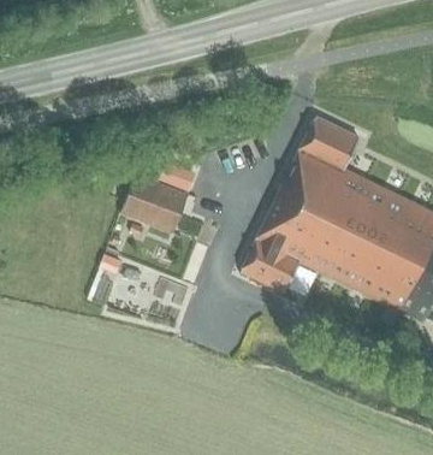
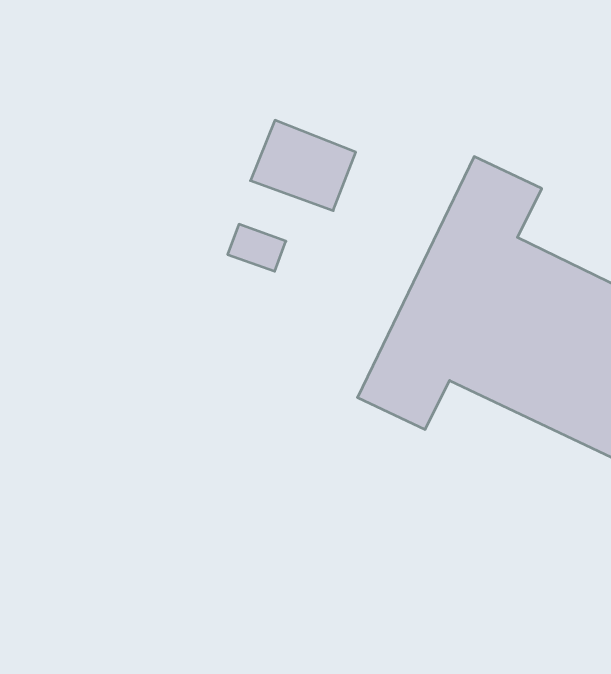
building: [118,173,185,231] -> [250,120,356,211]

